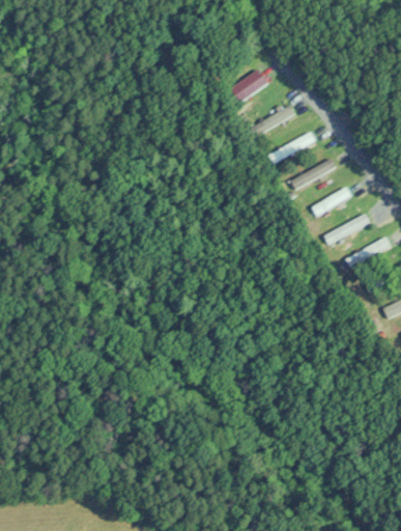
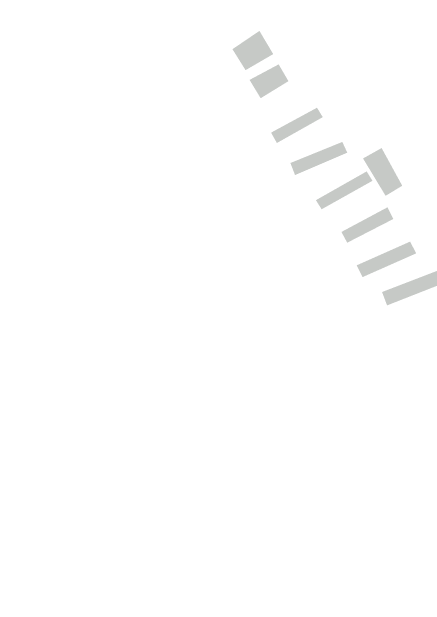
building: none -> [232,30,274,71]
building: none -> [362,147,403,197]

